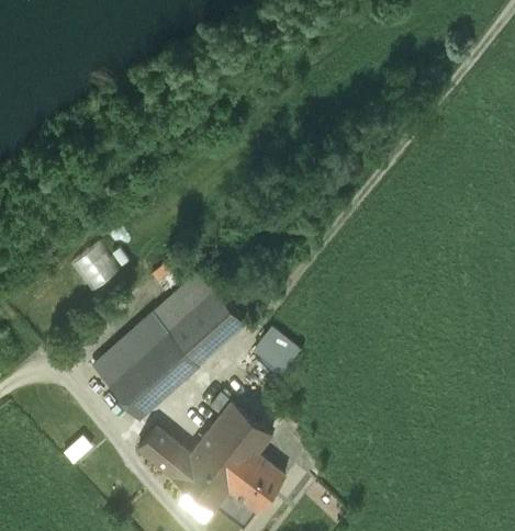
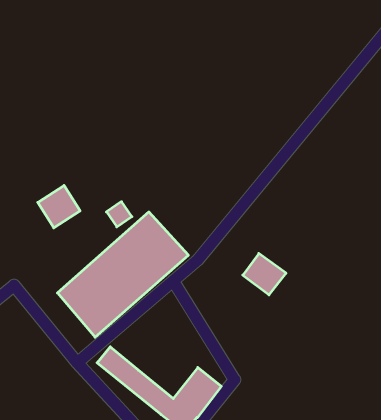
building: [250,325,301,373] -> [243,253,286,295]
building: [188,394,271,489] -> none

